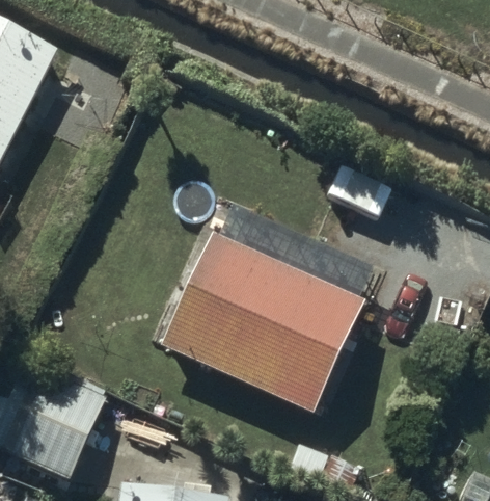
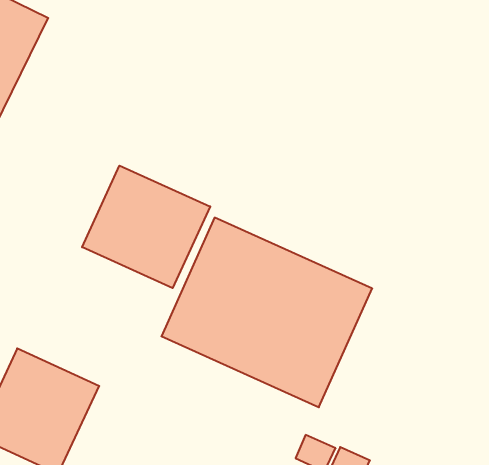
building: none -> [82,166,210,288]

